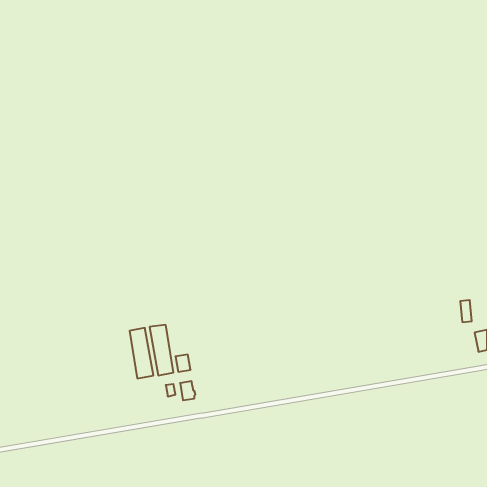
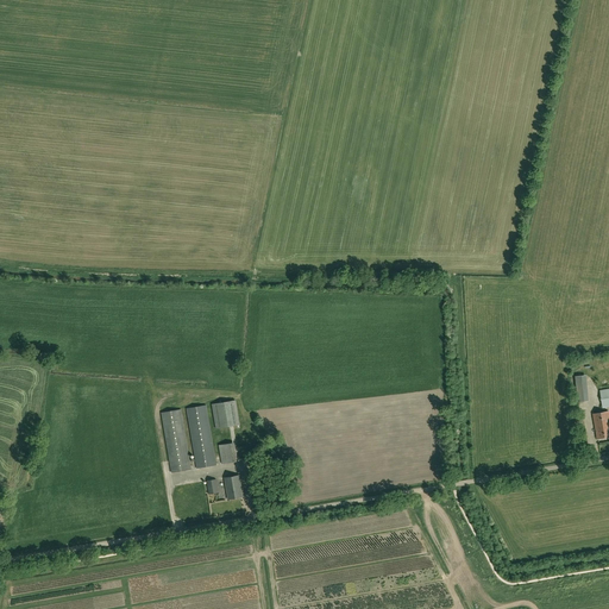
building: none -> [212,400,240,428]

